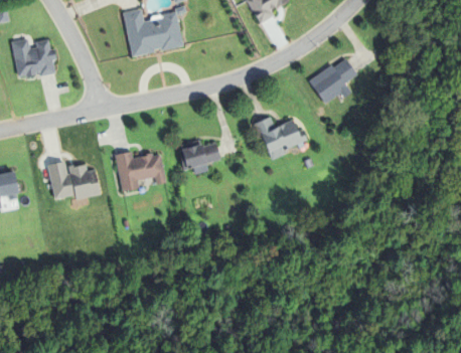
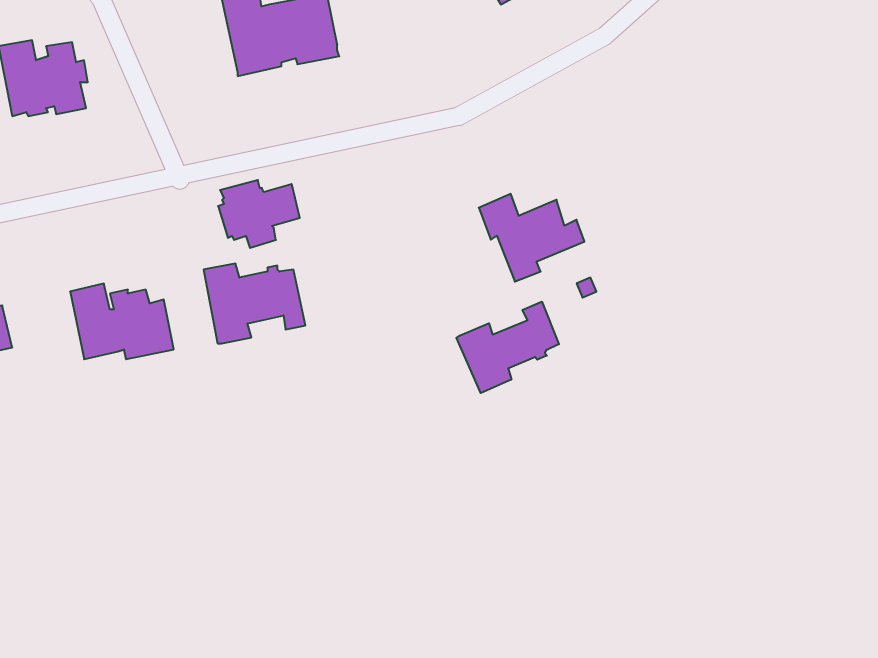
building: [309,58,357,104] -> none
building: [179,140,220,174] -> [218,180,300,248]
building: none -> [456,302,559,393]

